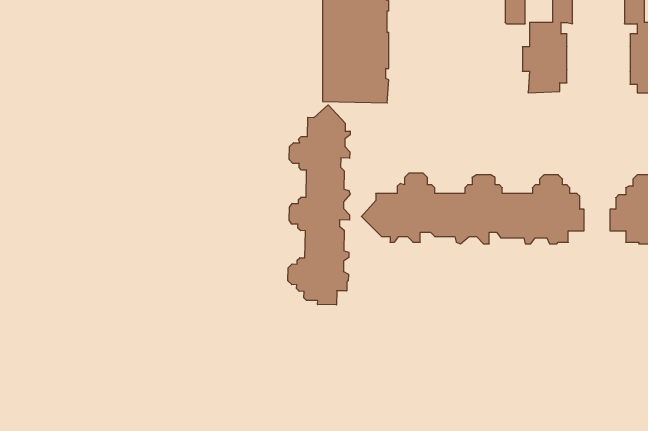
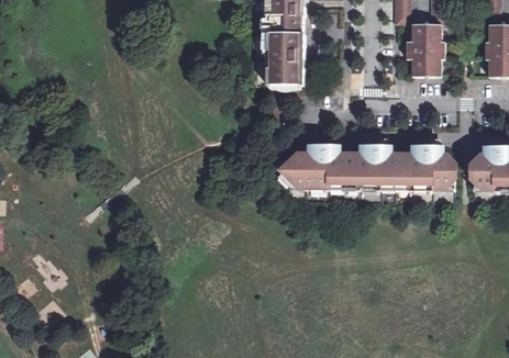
building: [288,105,350,305] -> none

